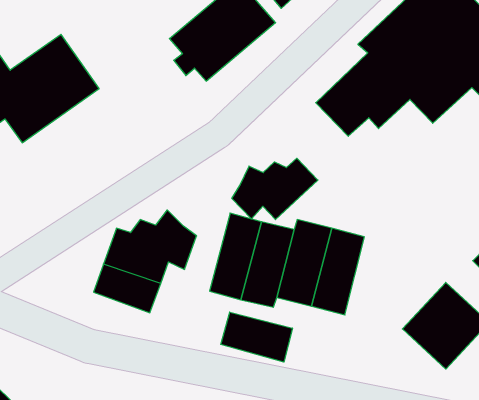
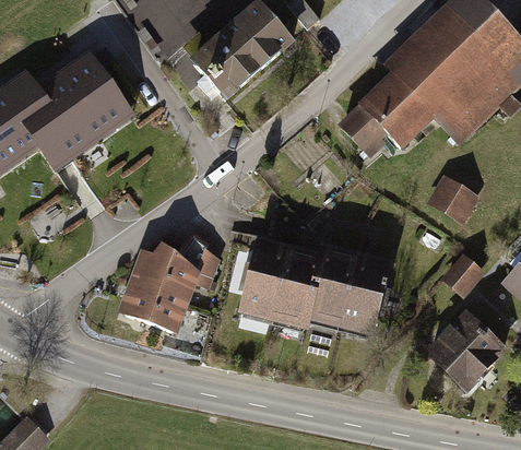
building: none -> [427,173,478,222]
building: [232,158,318,220] -> none
building: none -> [441,250,485,296]
building: [221,312,292,362] -> none

